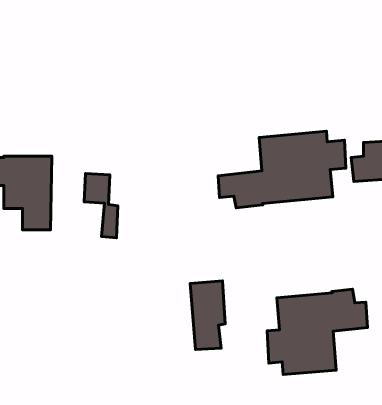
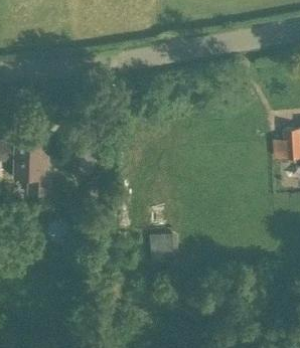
building: [218,131,346,208] -> none
building: [267,289,368,375] -> none

